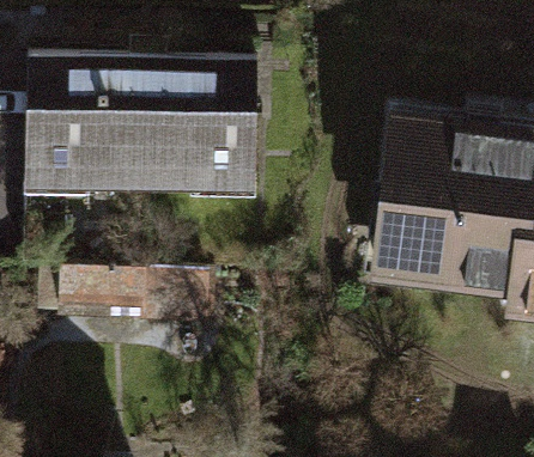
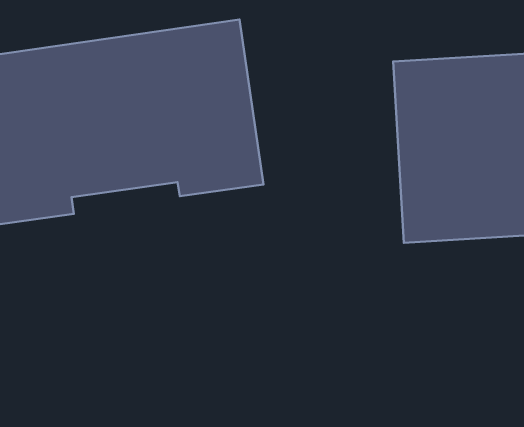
building: [62,272,210,333] -> none

